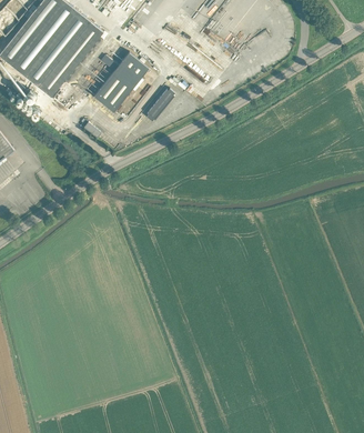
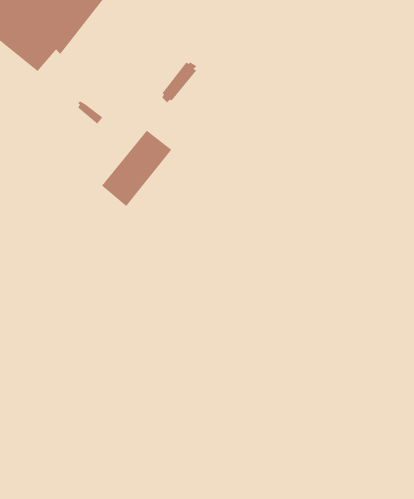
building: [92,53,148,113] -> [101,130,172,207]

